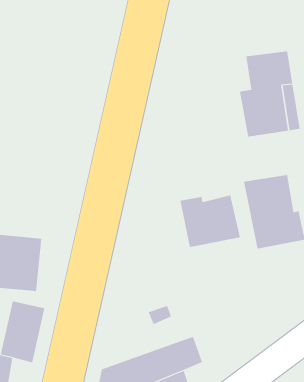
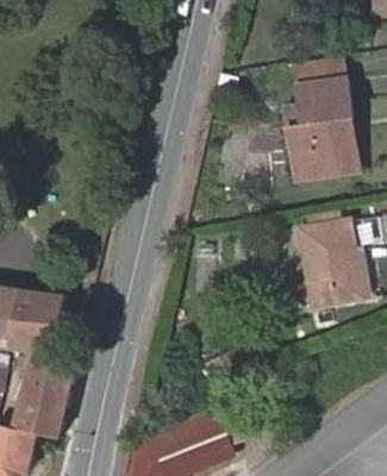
building: none -> [295,55,347,84]
building: [180,195,240,248] -> none

